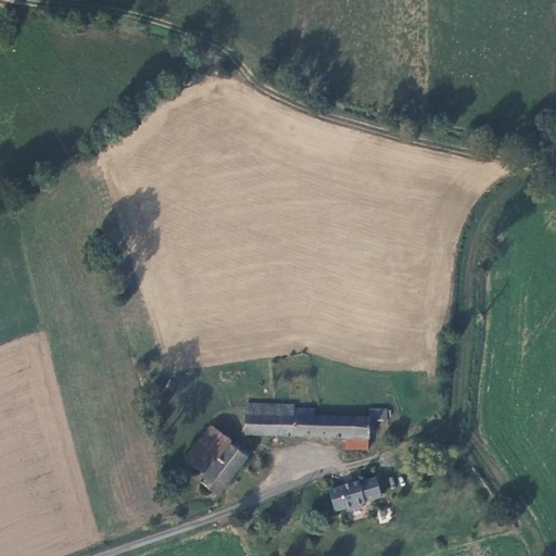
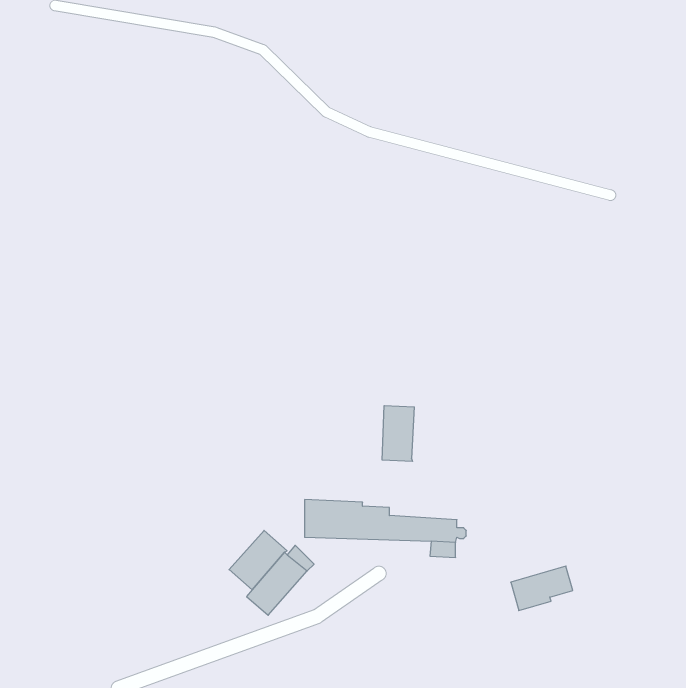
building: none -> [382,406,414,461]
building: [329,476,379,511] -> [511,566,573,611]

